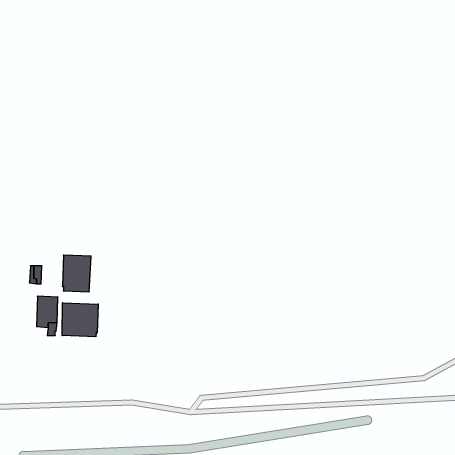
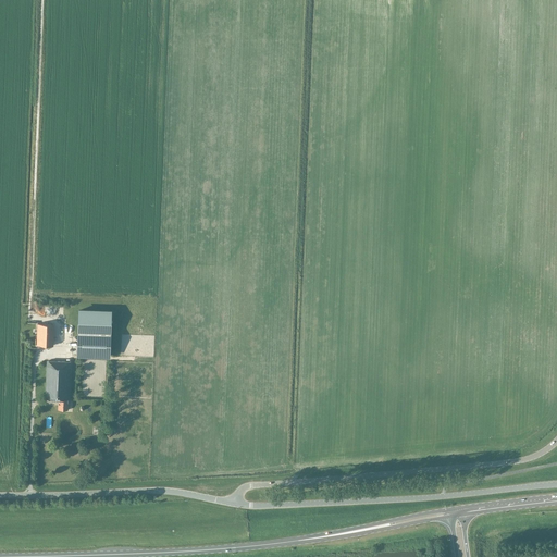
building: [62,303,98,337] -> none

